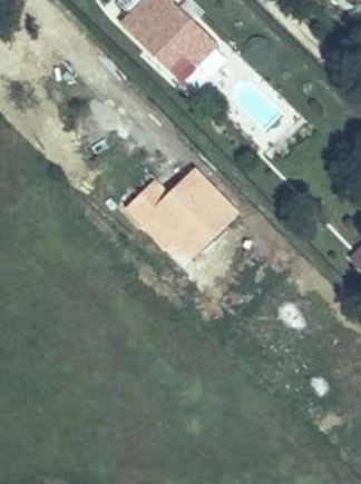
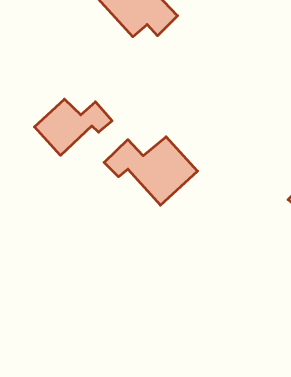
building: none -> [34,99,112,155]

